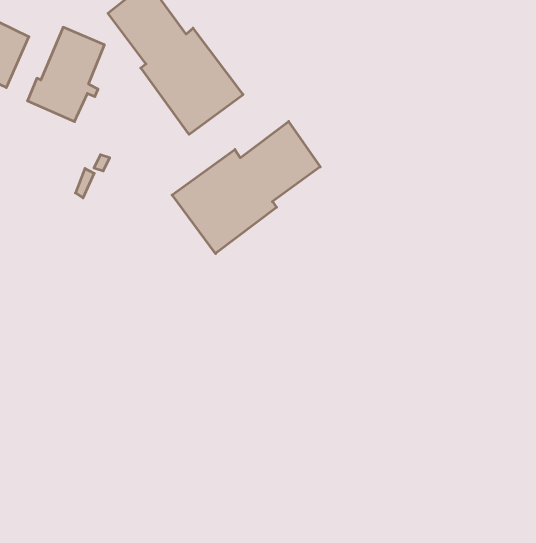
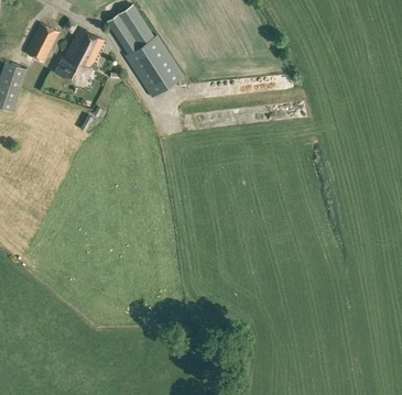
building: [172,121,320,254] -> none

